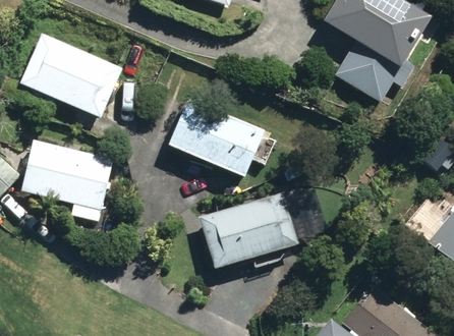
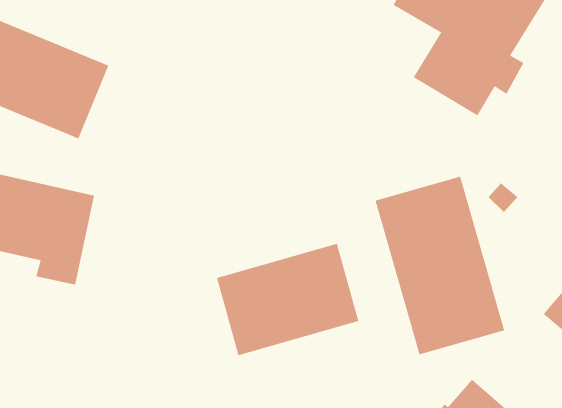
building: [168,96,266,178] -> none
building: none -> [375,176,505,355]

